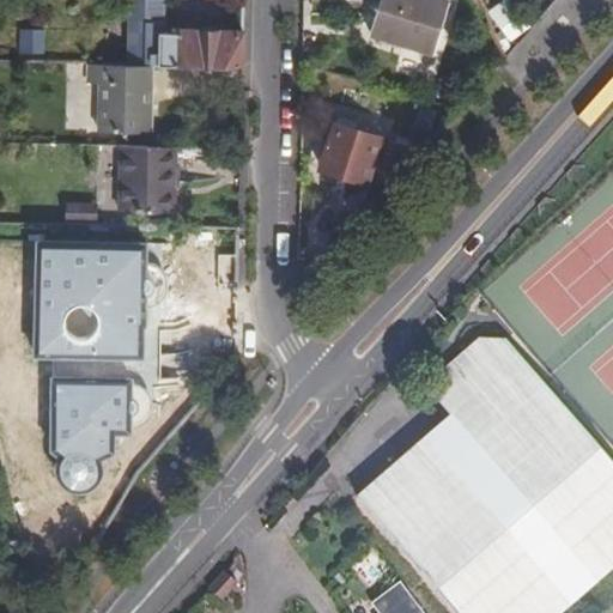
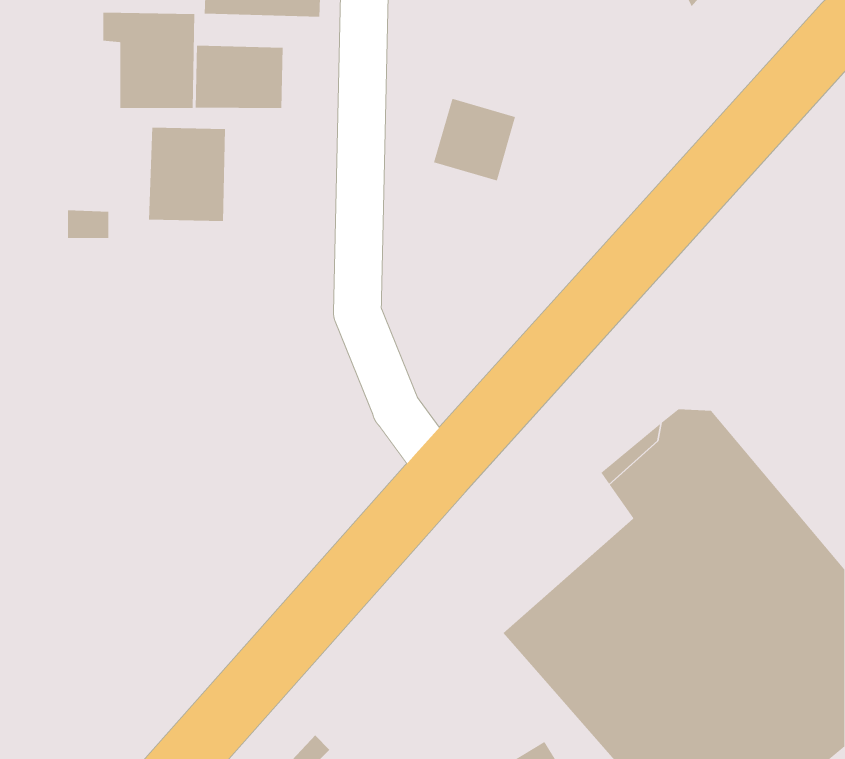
building: none -> [195,45,283,109]
building: [36,241,159,356] -> none
building: [60,366,147,490] -> none

